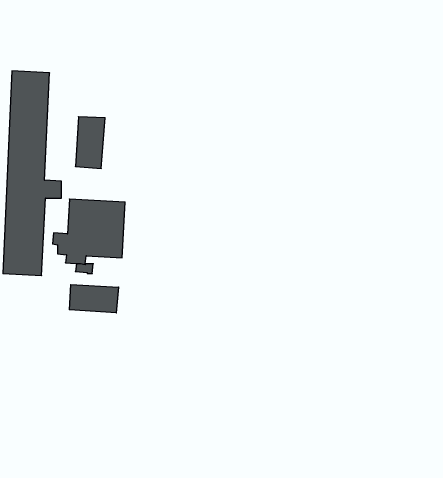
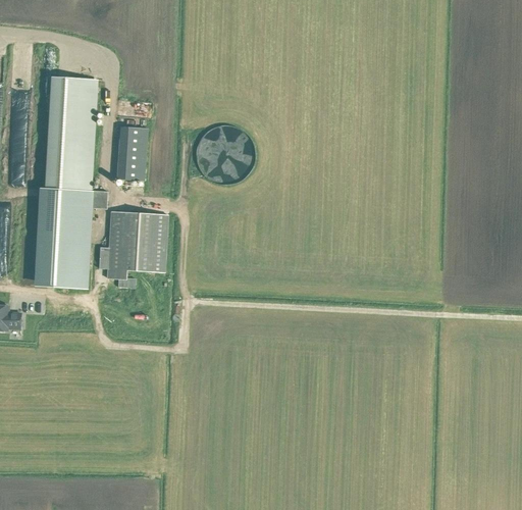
building: none -> [195,123,256,185]
building: [69,285,119,313] -> none

